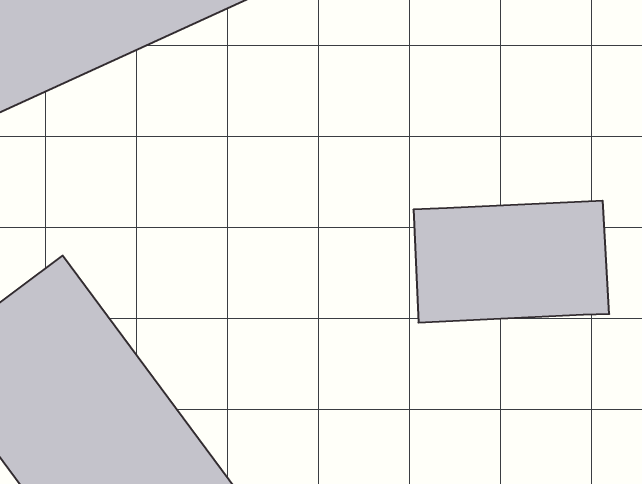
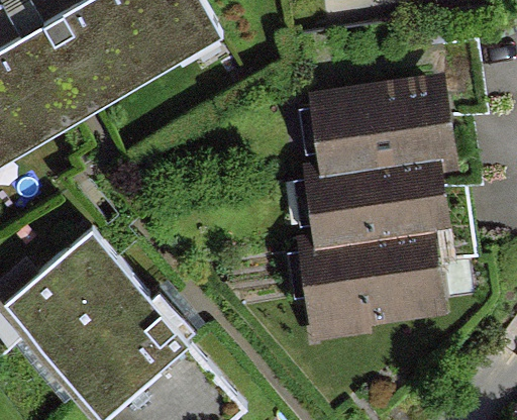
building: none -> [326,84,461,176]
building: none -> [306,238,445,335]

